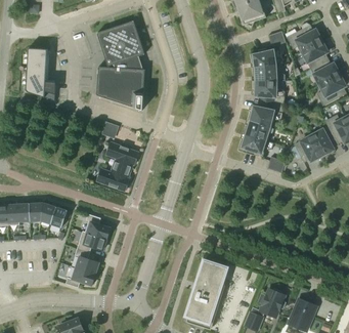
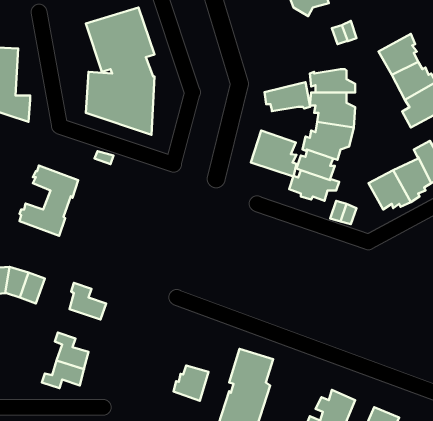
building: [286,23,322,51] -> none
building: [250,46,281,67] -> [265,82,310,111]
building: none -> [251,131,296,177]
building: [96,141,137,191] -> [20,165,78,236]
building: [76,231,105,252] -> none
building: none -> [173,366,209,401]

